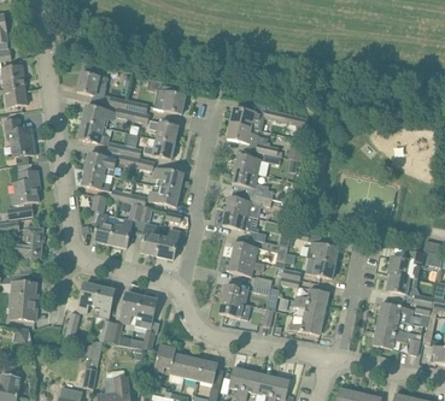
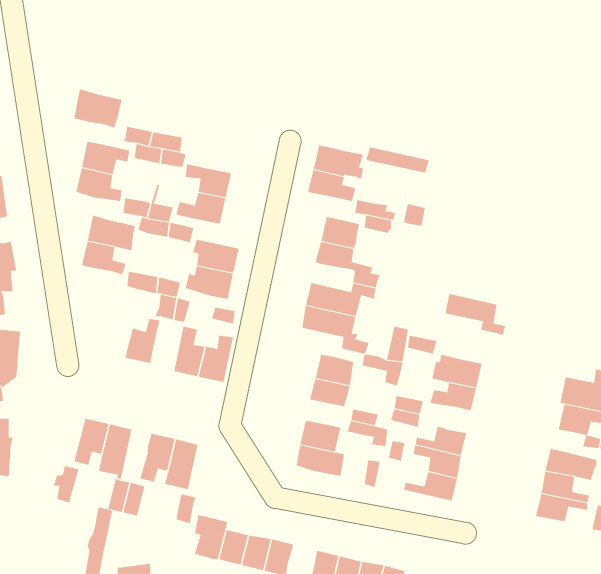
building: [156,83,186,113] -> none
building: [92,194,115,243] -> none
building: none -> [445,293,507,335]

